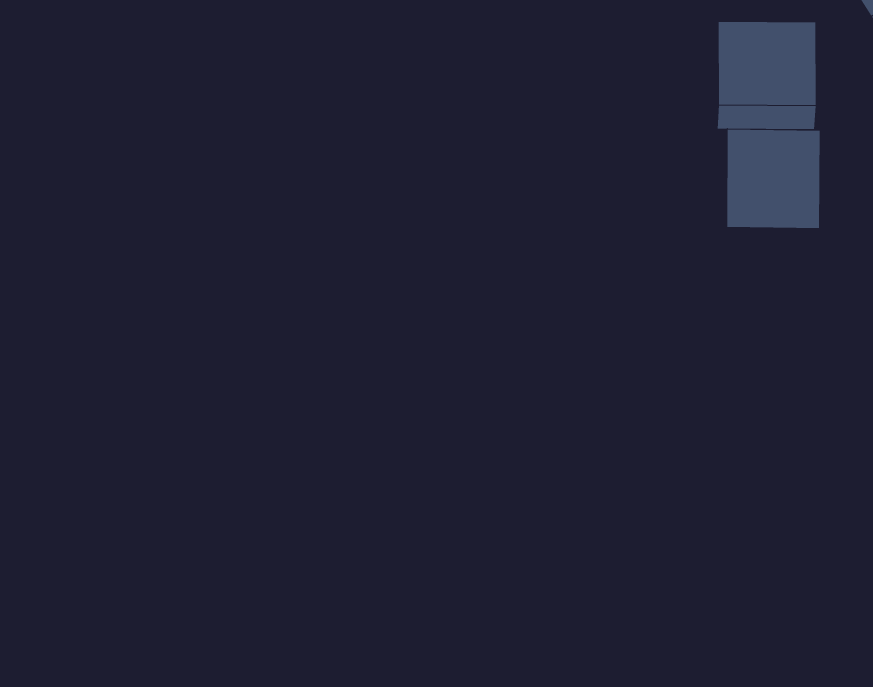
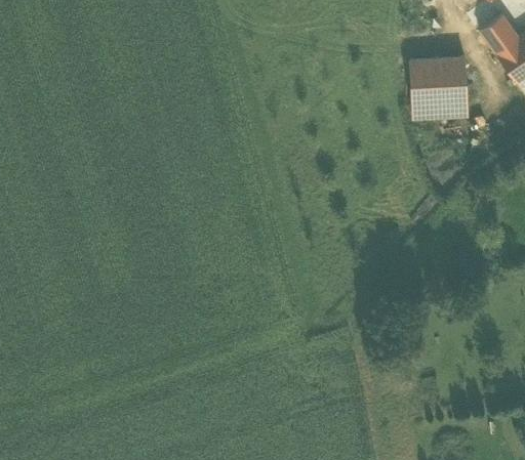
building: [727,129,820,229] -> none

